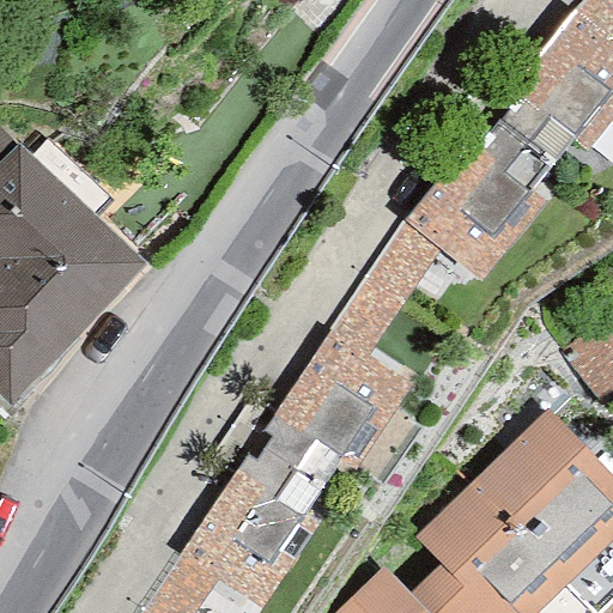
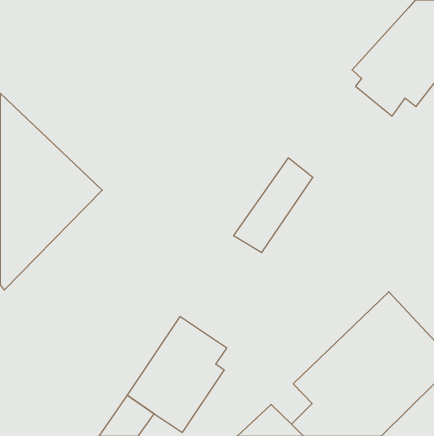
building: [407,121,553,281] -> none
building: [255,330,411,488] -> none

